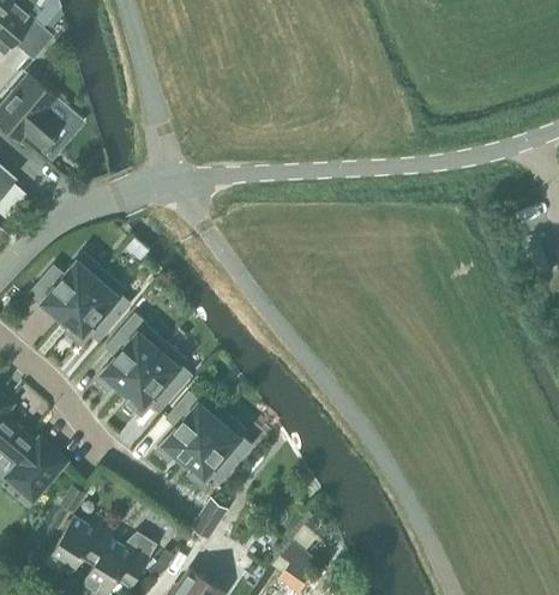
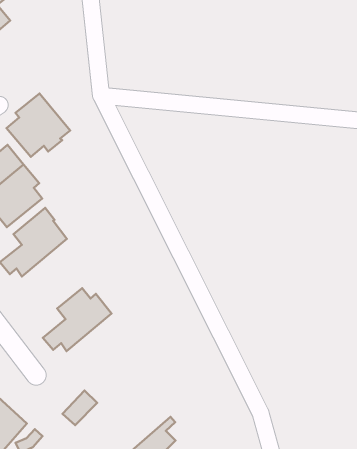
building: none -> [6,93,70,157]
building: [122,344,190,414] -> none
building: [184,415,251,485] -> none

